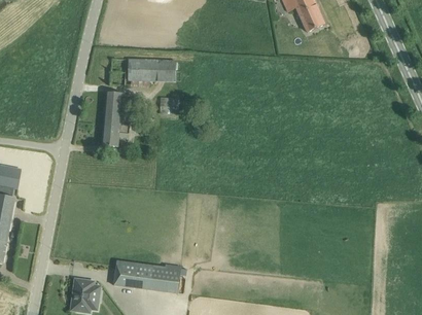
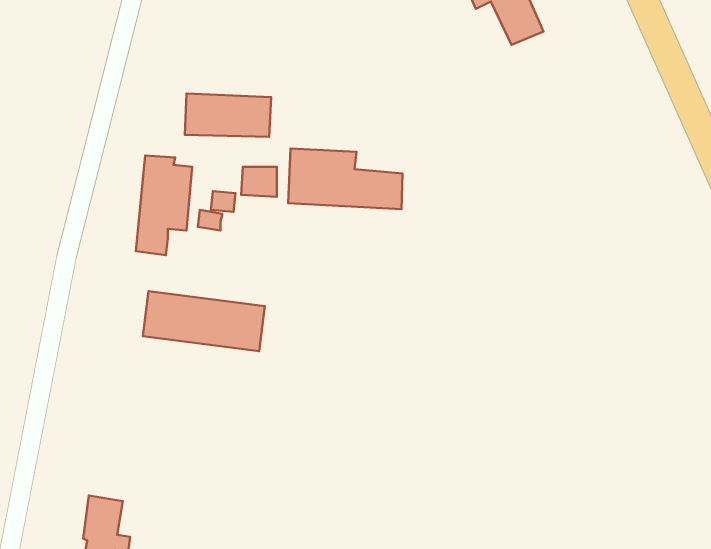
building: none -> [288,148,403,209]
building: [113,259,180,292] -> [143,291,265,351]

